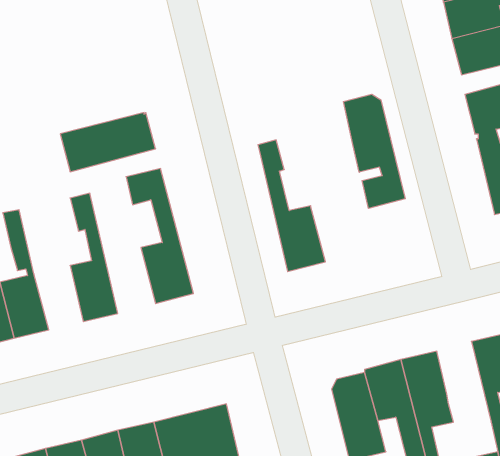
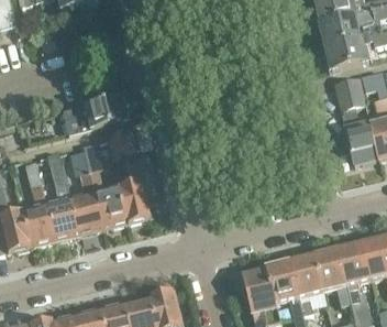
building: [344,94,405,208] -> none
building: [258,140,325,272] -> [81,141,126,229]
building: none -> [45,152,78,240]
building: none -> [314,248,351,304]

